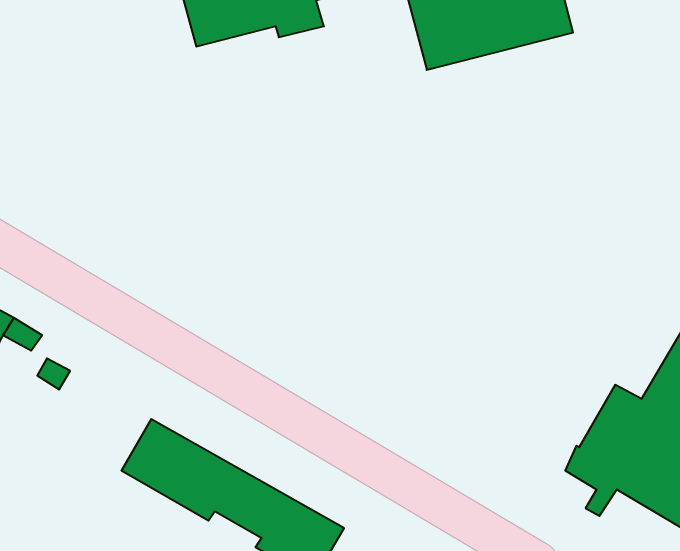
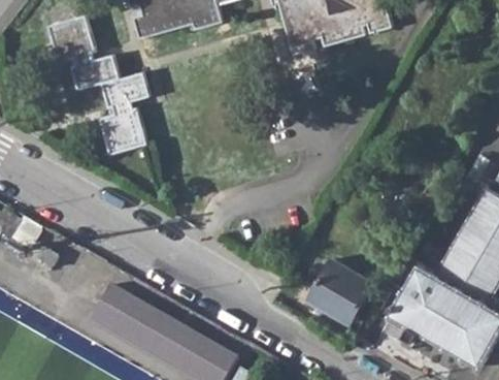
building: none -> [43,15,151,156]
building: none -> [307,261,368,322]

